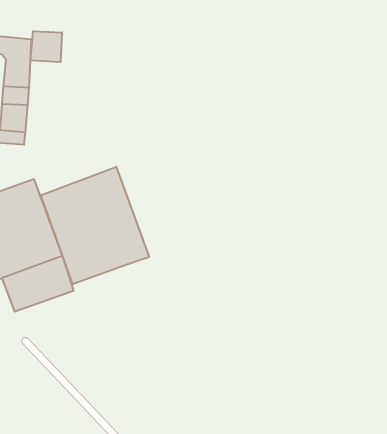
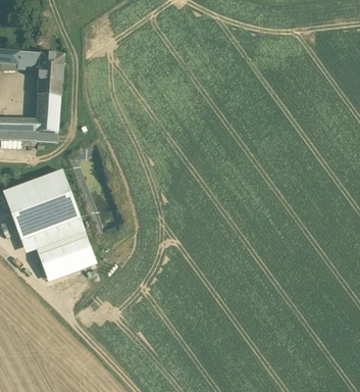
building: [31,31,62,62] -> none
building: [41,167,149,284] -> none

